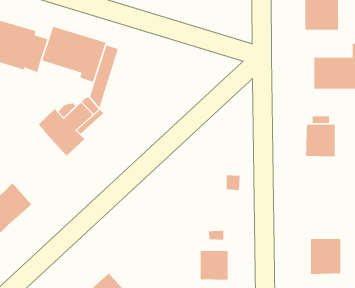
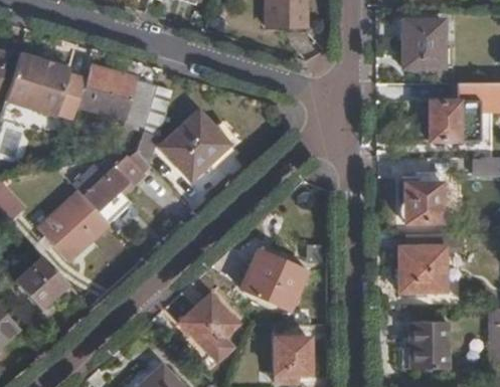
building: none -> [161,109,229,178]
building: none -> [41,191,110,259]
building: none -> [399,232,460,291]
building: none -> [243,252,307,307]
building: none -> [180,294,236,362]

